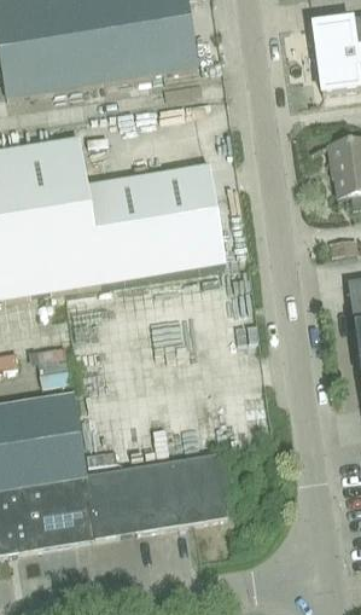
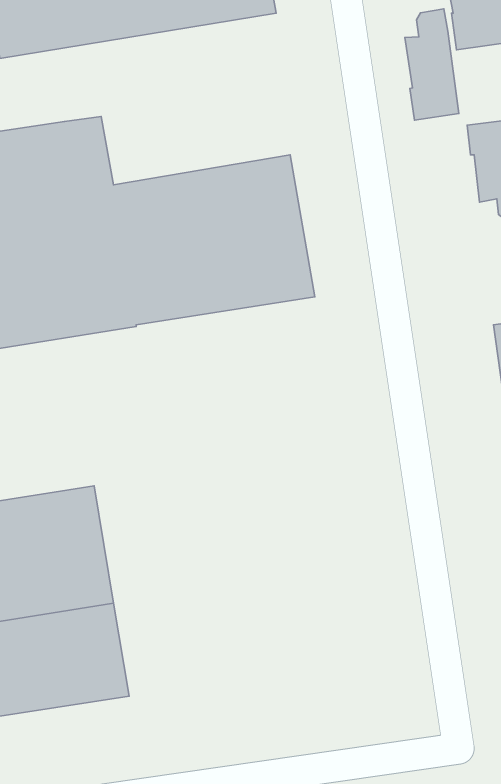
building: none -> [405,9,459,120]
building: [86,452,231,536] -> none

